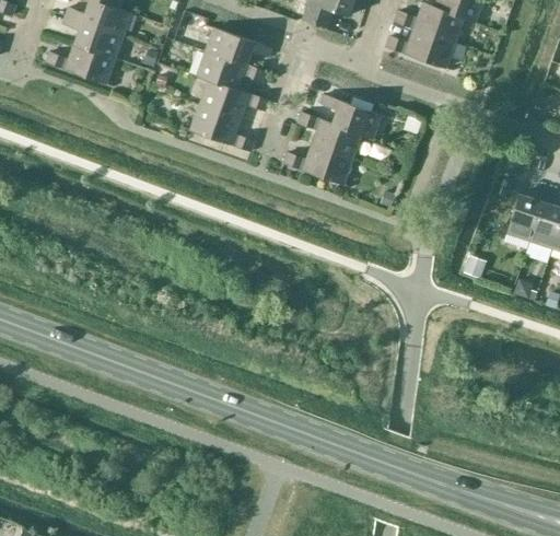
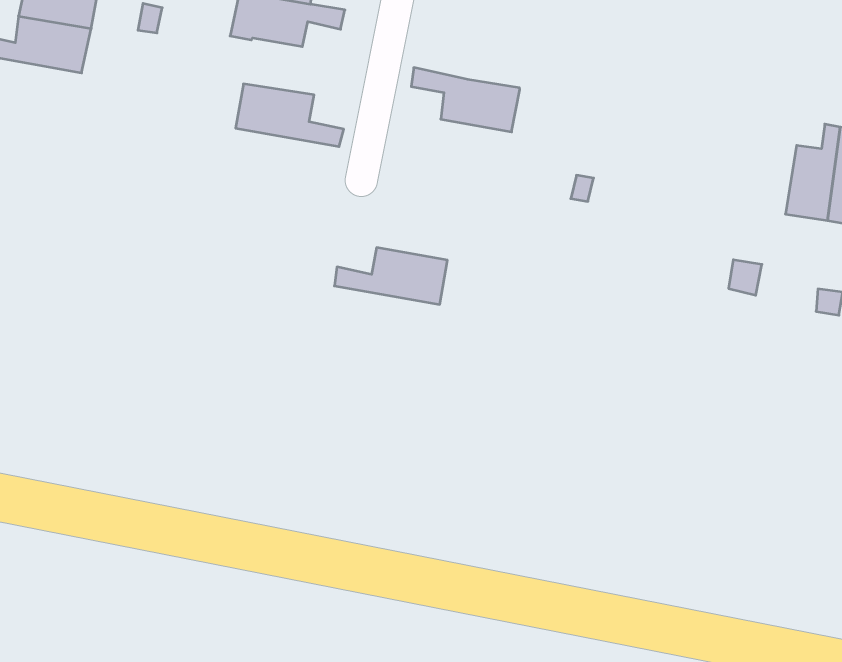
building: [199,79,268,118] -> none
building: [320,95,381,139] -> none
building: [283,144,352,184] -> [334,248,447,304]

